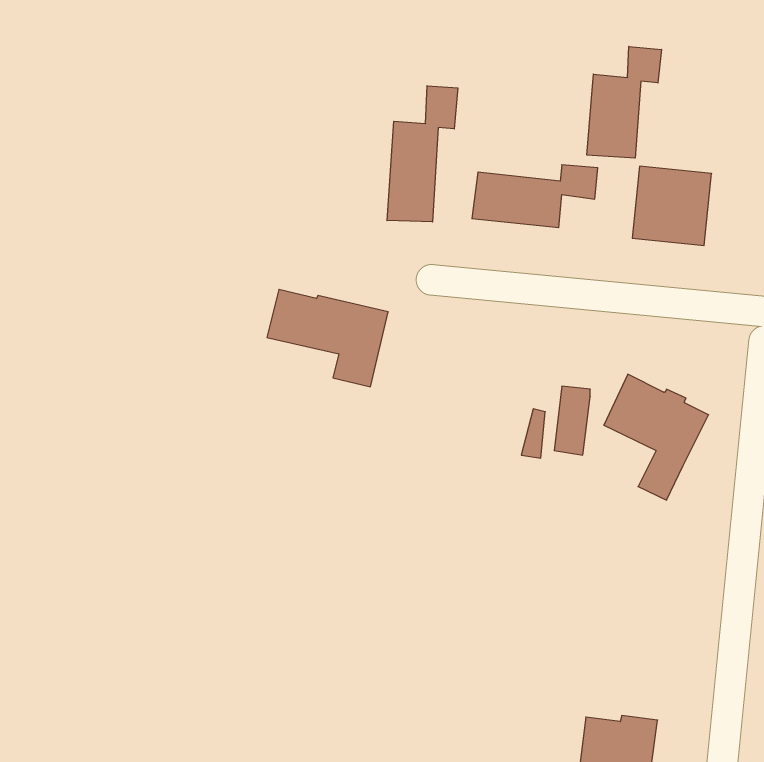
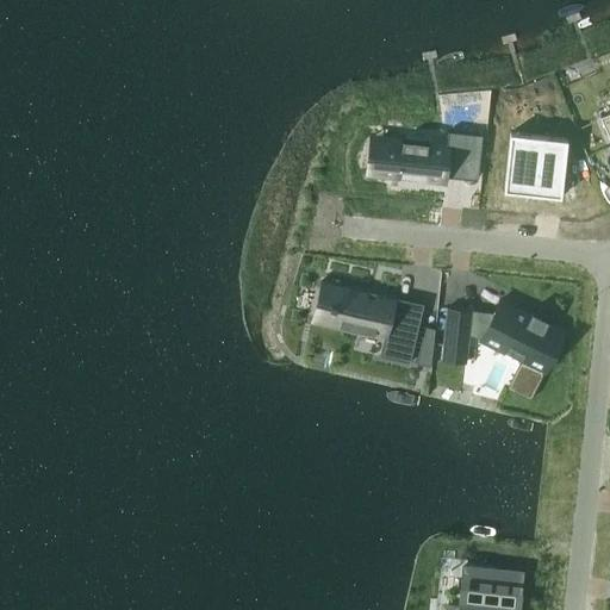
building: [587,46,661,158] -> none
building: [387,86,458,222] -> none
building: [267,289,388,387] -> [326,287,423,365]

